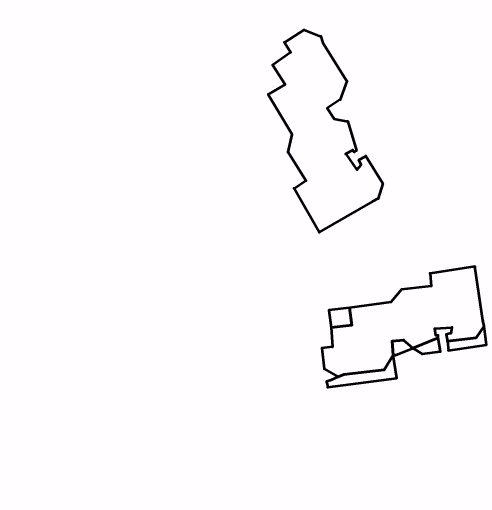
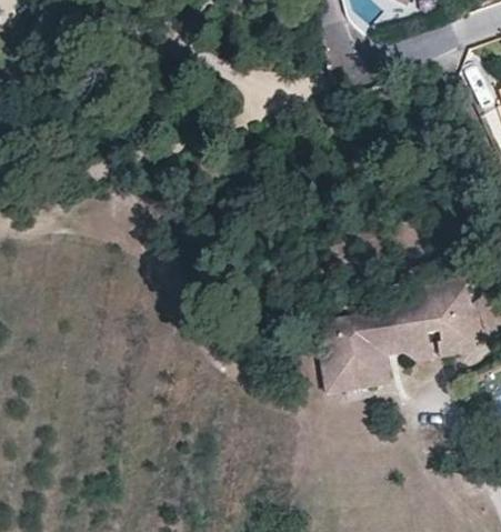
building: [268,30,383,232] -> none

